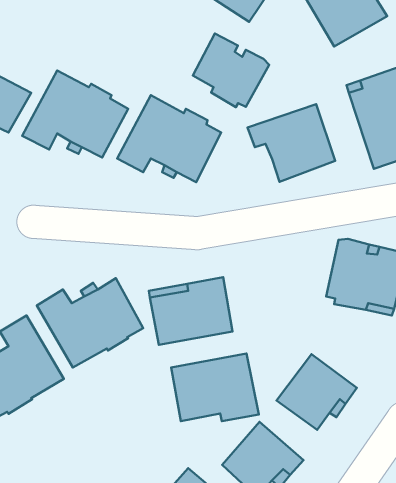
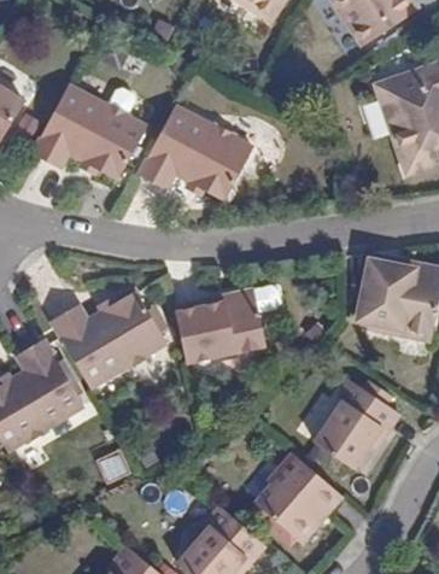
building: [193,33,269,107] -> none
building: [248,104,335,182] -> none
building: [171,354,259,421] -> none

